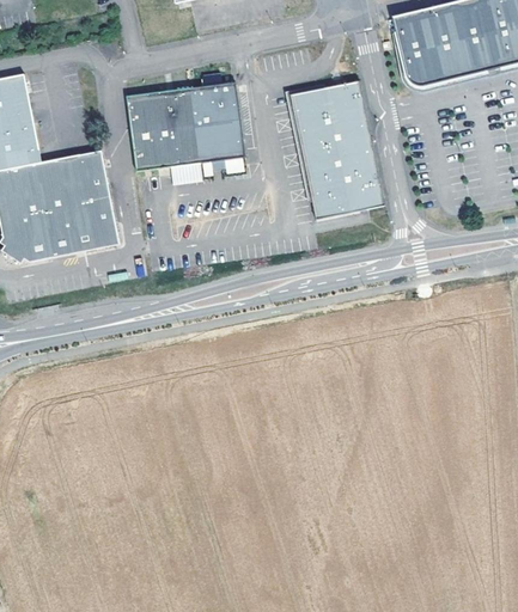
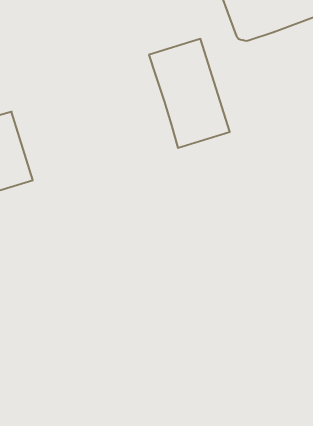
building: [127,80,245,170] -> none

